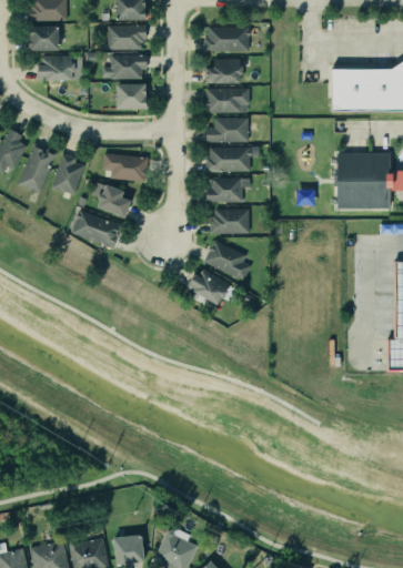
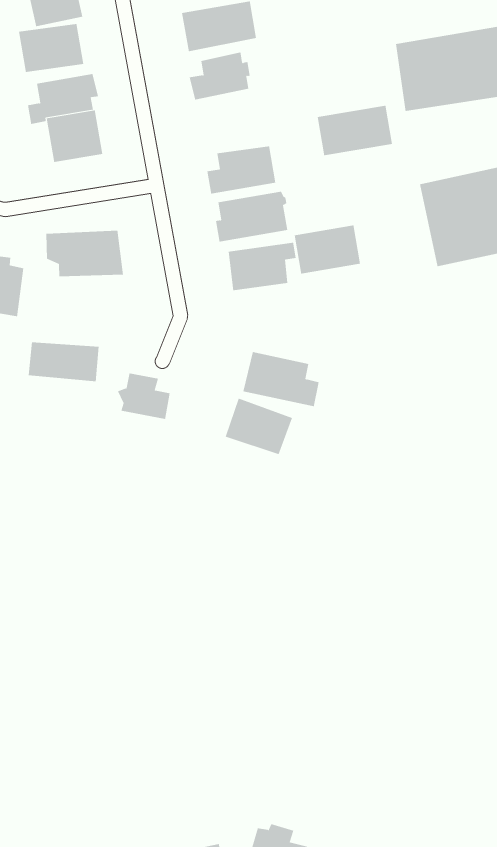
building: [206,89,250,113] -> [317,105,393,156]
building: [97,183,129,215] -> [117,373,171,419]
building: [212,210,250,234] -> [294,225,361,274]

